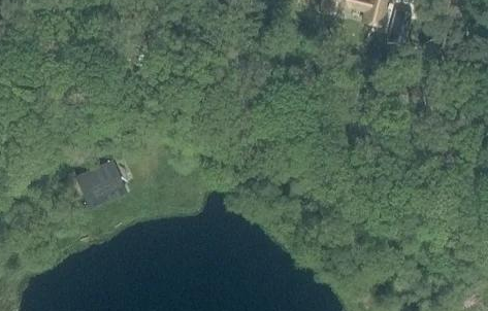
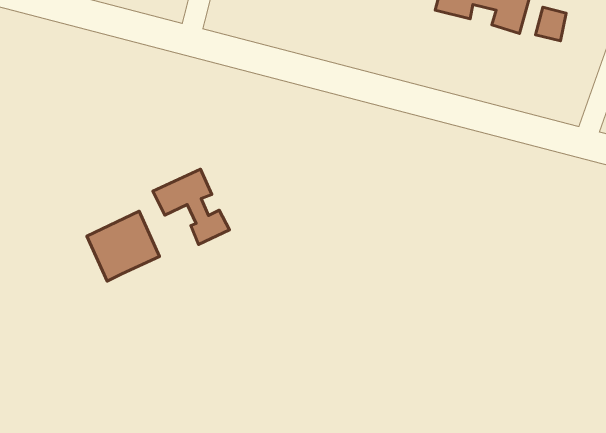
building: none -> [153,169,229,245]

